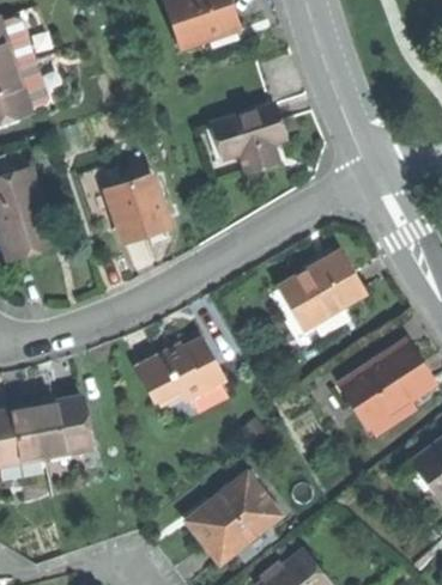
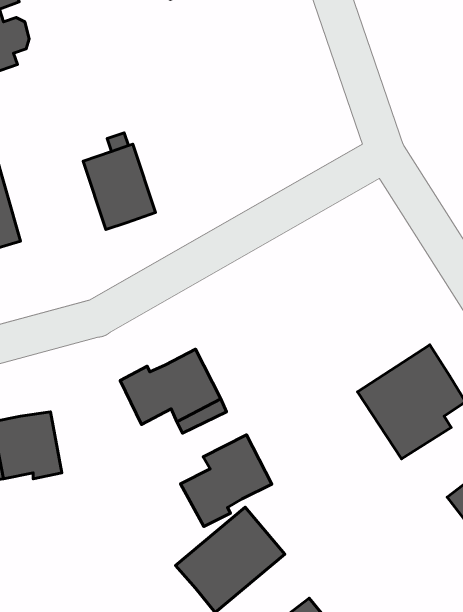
building: [213,98,285,169] -> none
building: [280,254,363,328] -> none
building: none -> [180,435,272,526]

